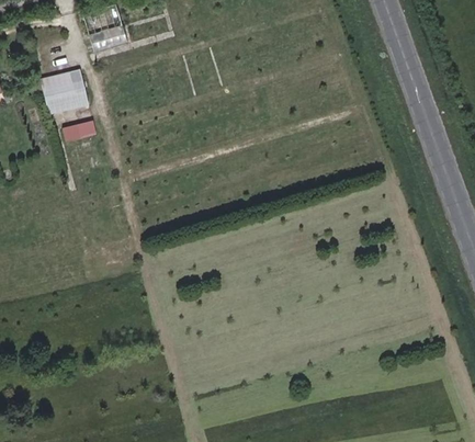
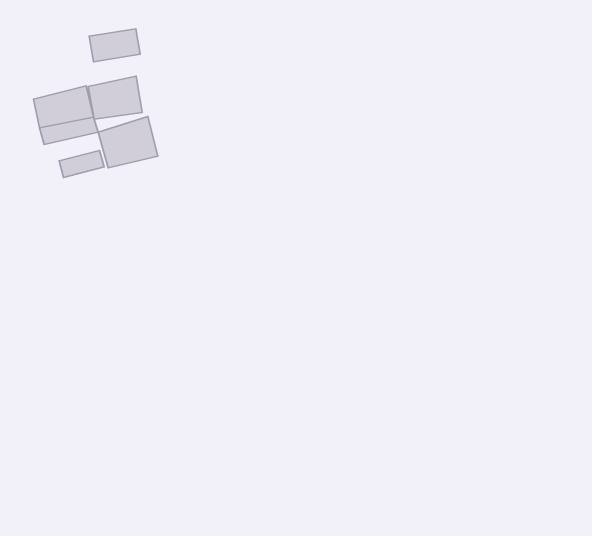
building: none -> [88,76,142,119]
building: none -> [98,116,158,168]

